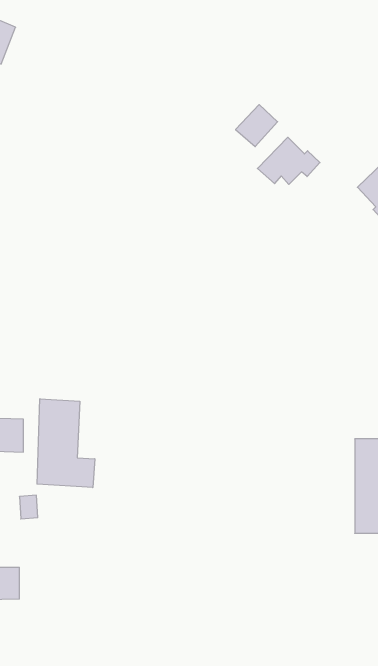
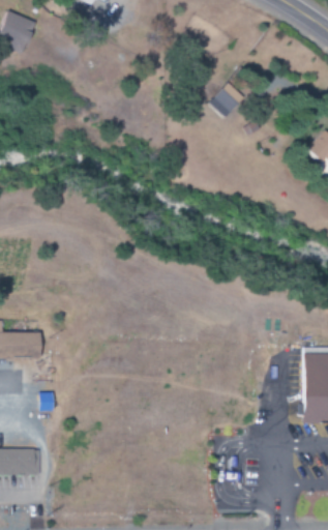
building: [257,137,320,184] -> none
building: [37,399,95,488] -> none

